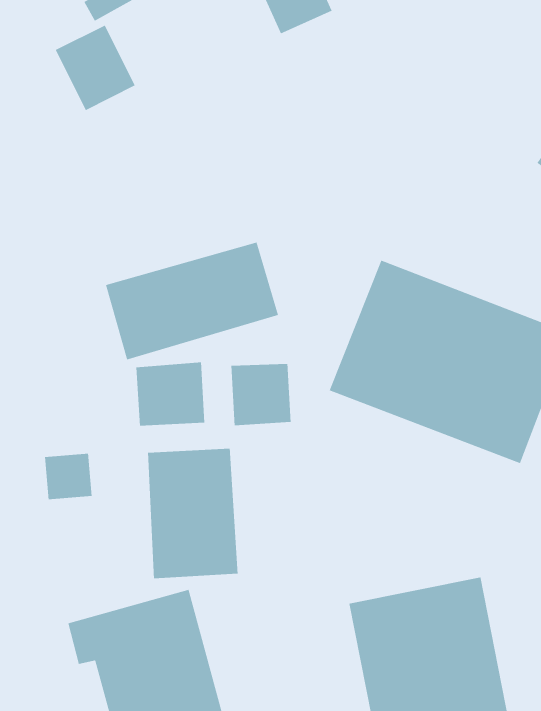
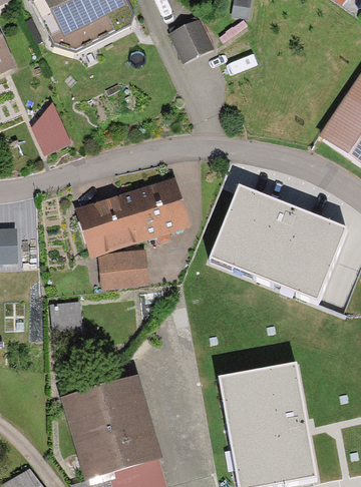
building: [55,25,136,111] -> [31,114,76,162]
building: [231,363,291,426] -> none
building: [147,448,238,579] -> none

